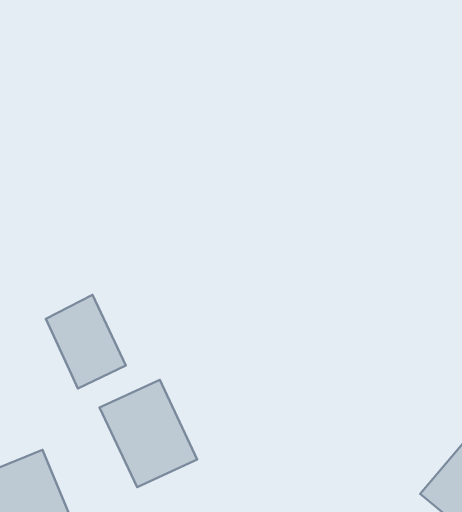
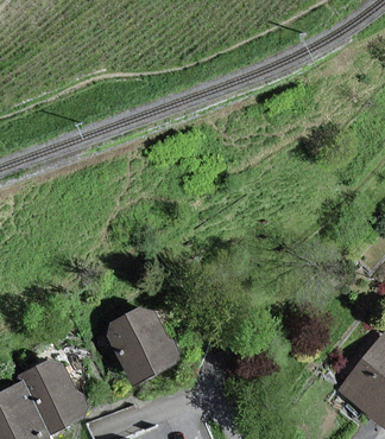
building: [46,295,126,388] -> none

